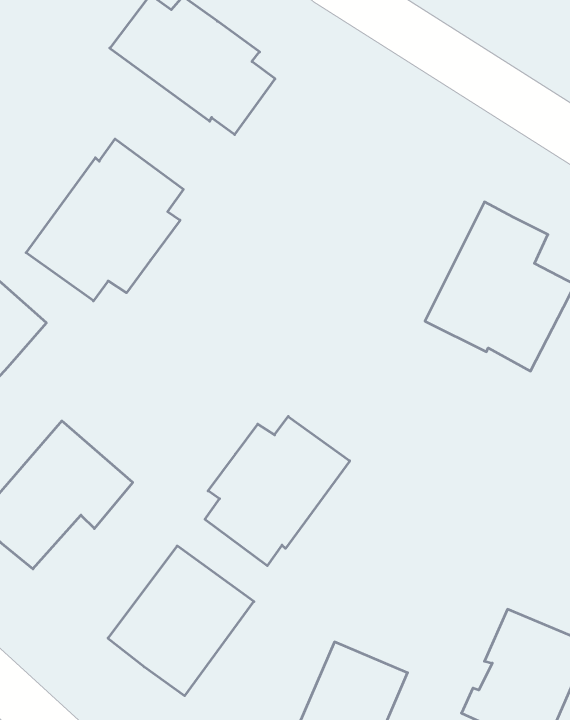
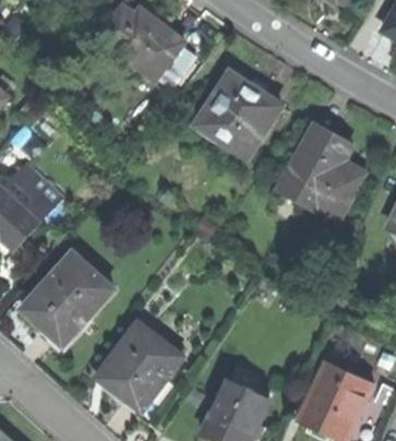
building: none -> [190,76,278,159]
building: [26,139,183,301] -> none
building: [205,416,350,566] -> none

